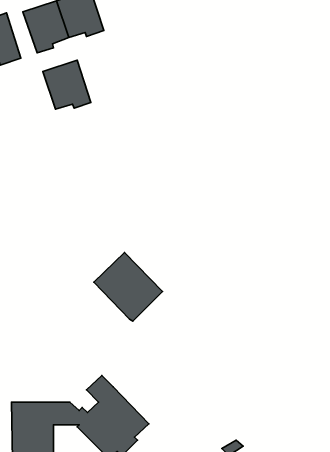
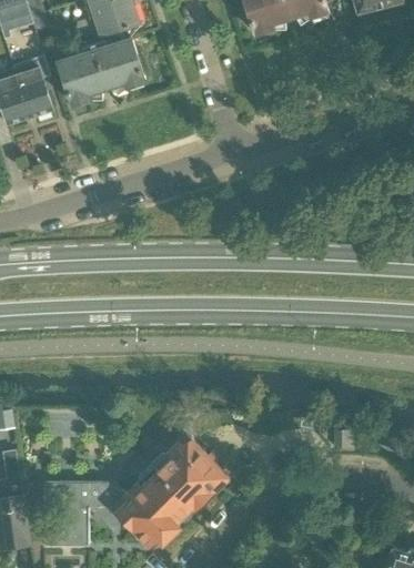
building: [43,60,91,109] -> none
building: [94,253,162,321] -> [154,435,229,509]

